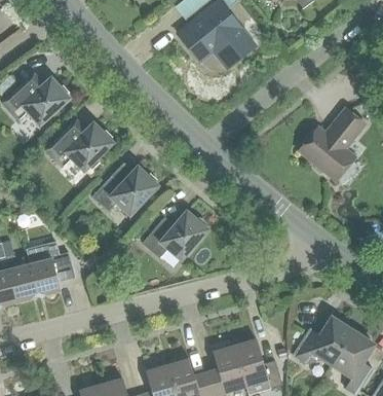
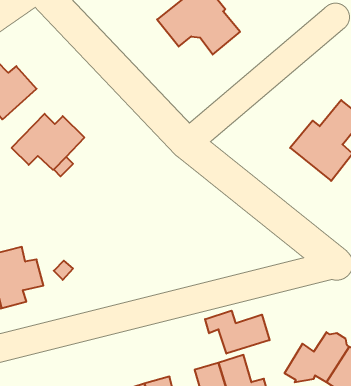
building: [92,166,158,215] -> none
building: [143,211,207,260] -> none
building: none -> [205,311,270,354]

